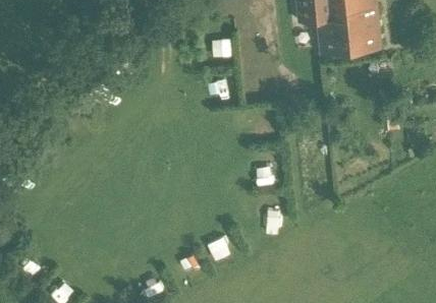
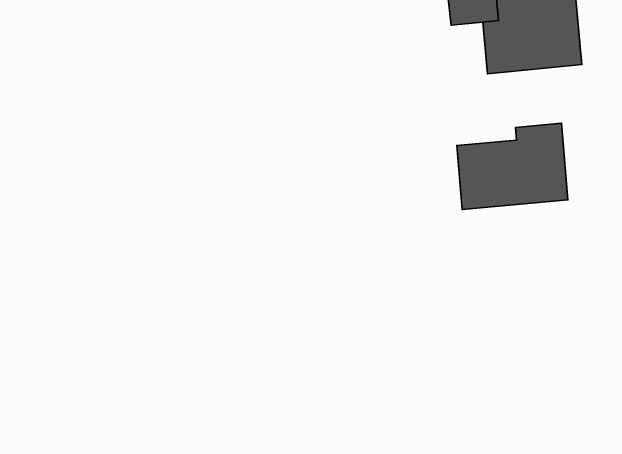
building: none -> [457,123,568,209]

